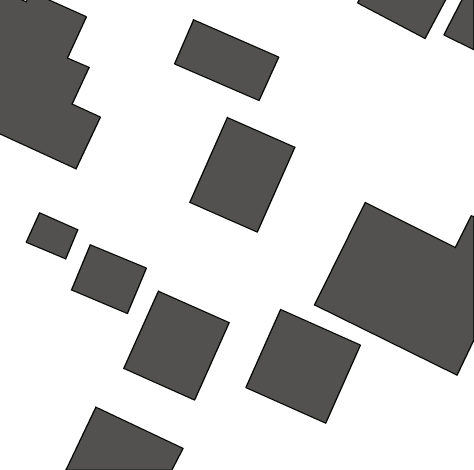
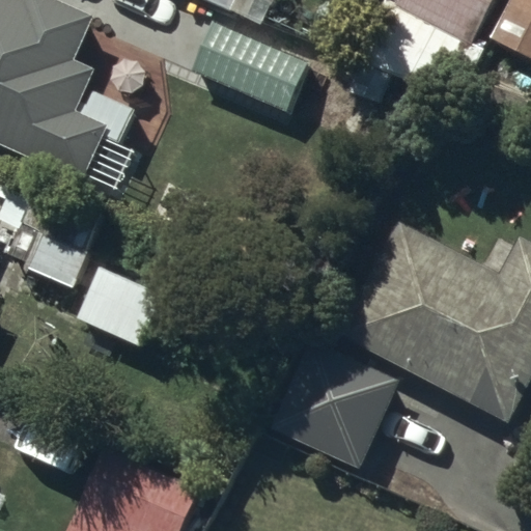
building: [190,117,295,232] -> none
building: [124,291,229,400] -> none

